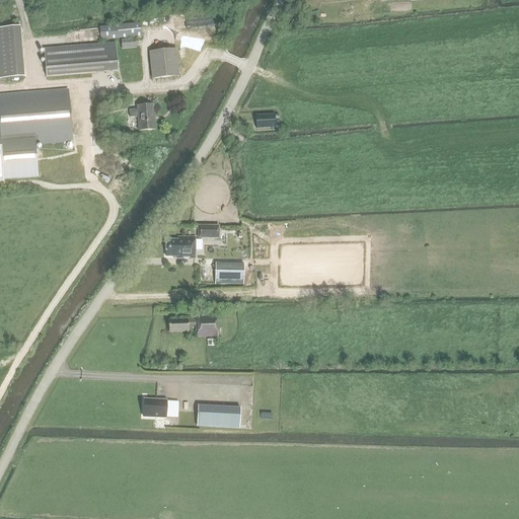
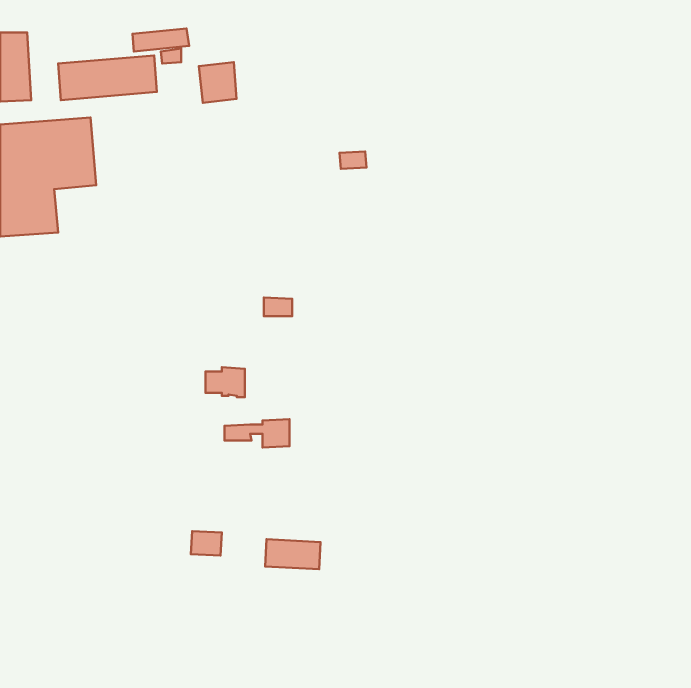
building: [129,103,155,129] -> none
building: [165,235,195,257] -> [206,367,245,397]
building: [214,262,244,283] -> none

